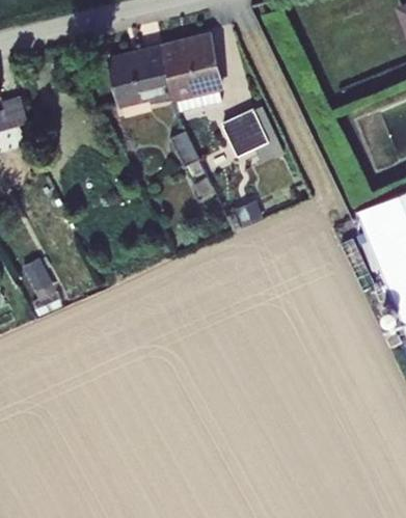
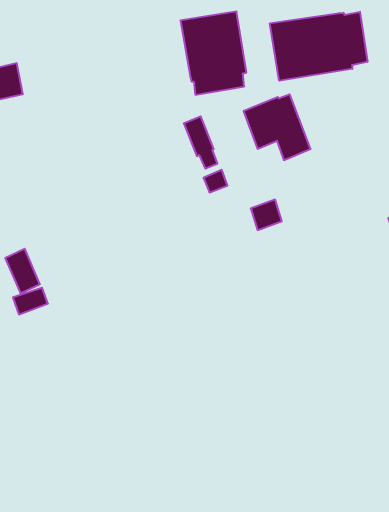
building: none -> [270,12,367,81]
building: [109,48,174,108] -> none

